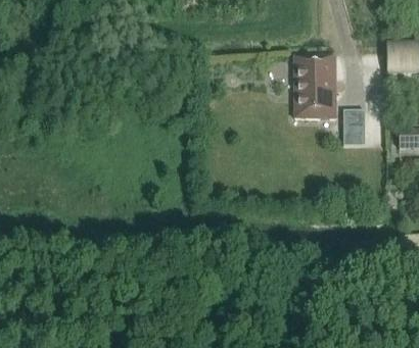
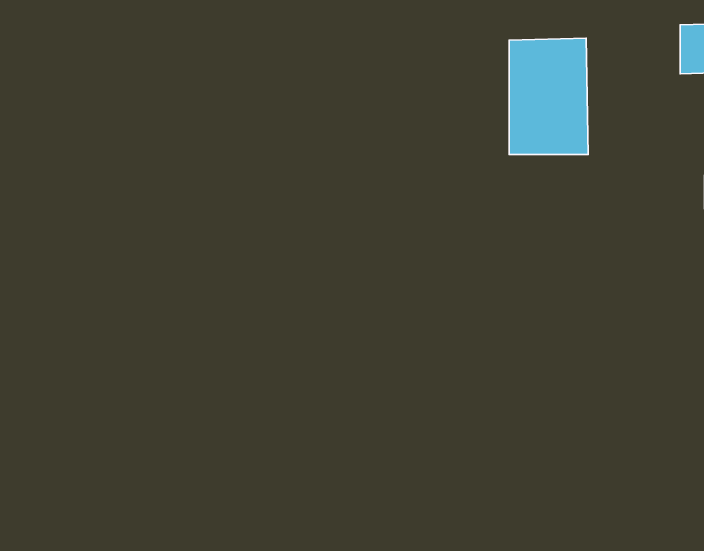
building: [343,109,365,145] -> none

